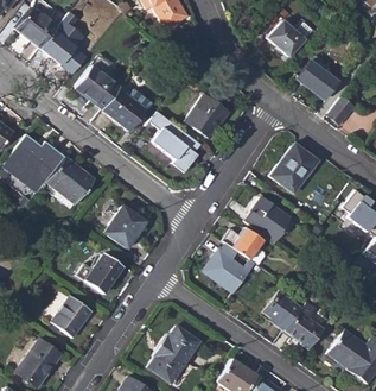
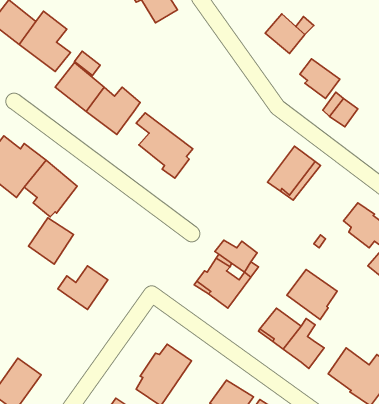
building: [185,95,229,139] -> none
building: [244,196,291,242] -> [287,269,337,319]
building: [104,206,146,248] -> [28,218,73,264]
building: [51,296,93,338] -> none

